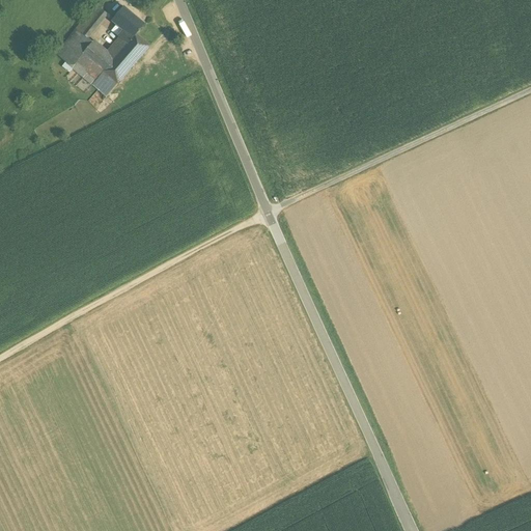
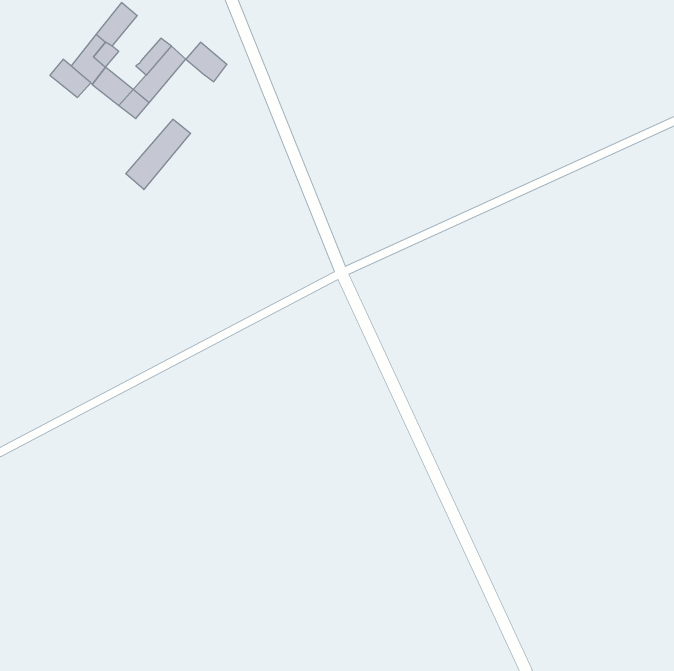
building: [113,5,145,36] -> [186,42,227,82]
building: [83,40,115,71] -> [50,59,91,97]
building: none -> [126,119,191,190]

